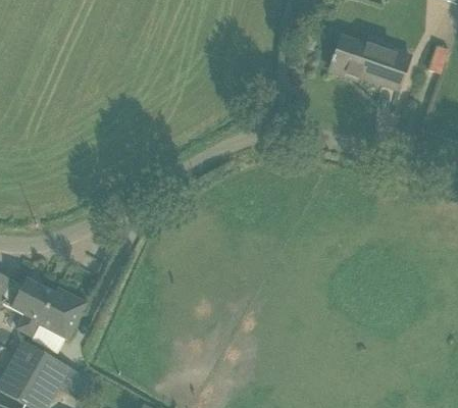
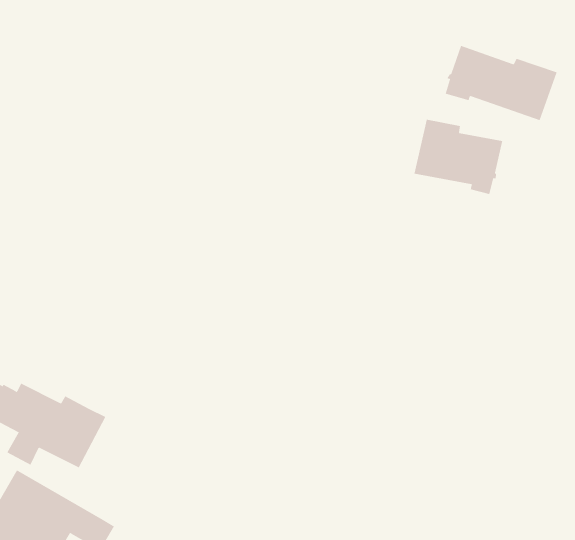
building: none -> [414,119,503,195]

